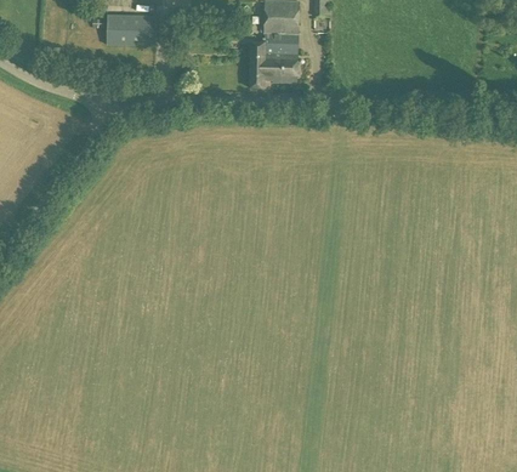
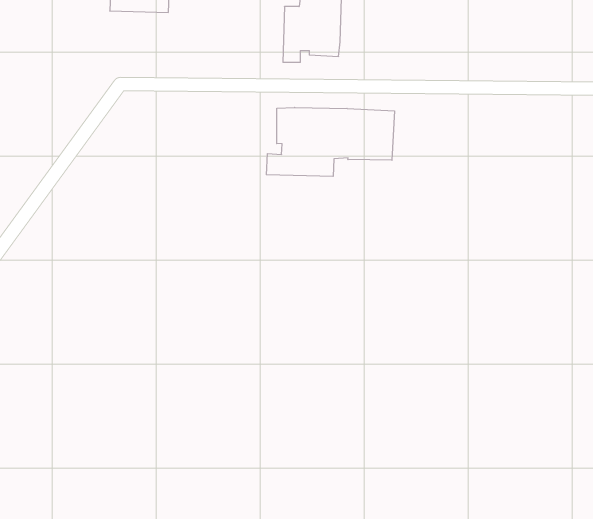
building: none -> [266,107,394,176]

